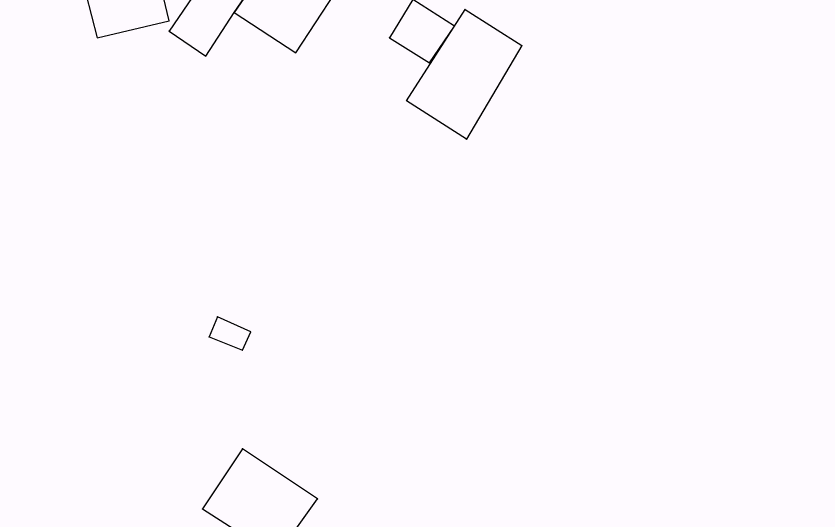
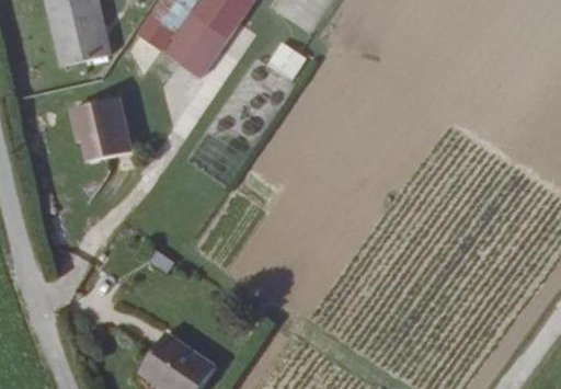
building: [407,9,522,139] -> none
building: none -> [73,96,131,158]

